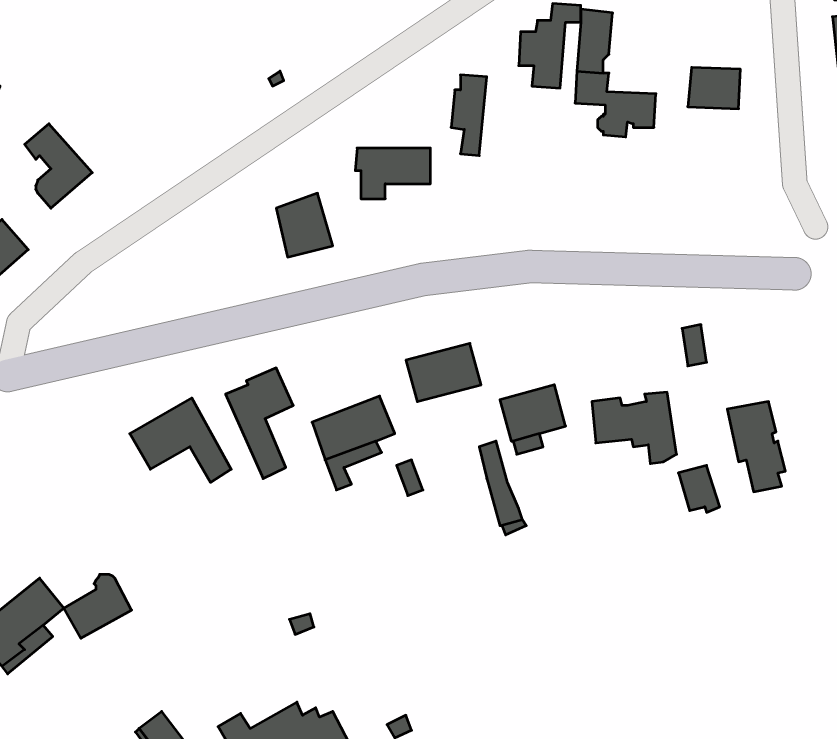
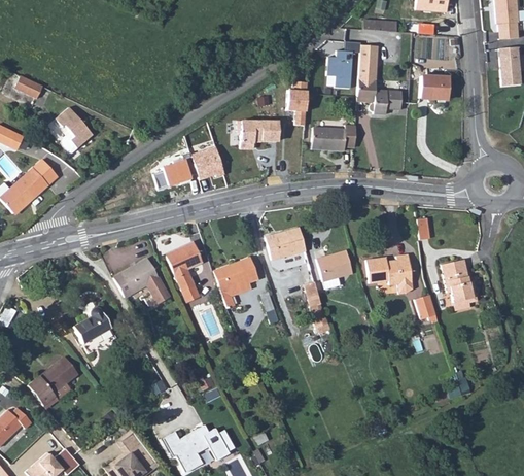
building: none -> [311,125,355,150]
building: none -> [166,159,194,185]
building: [64,574,132,638] -> [73,308,110,343]

